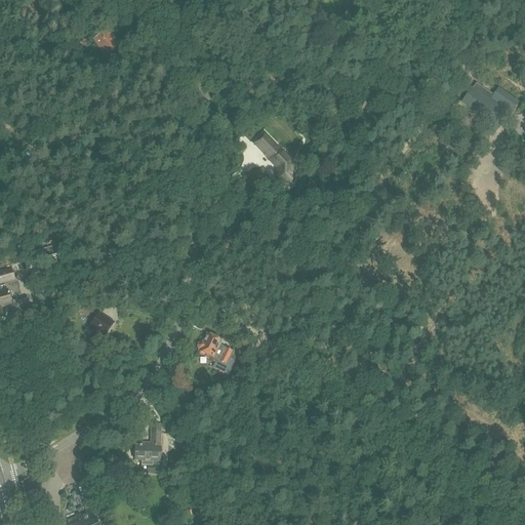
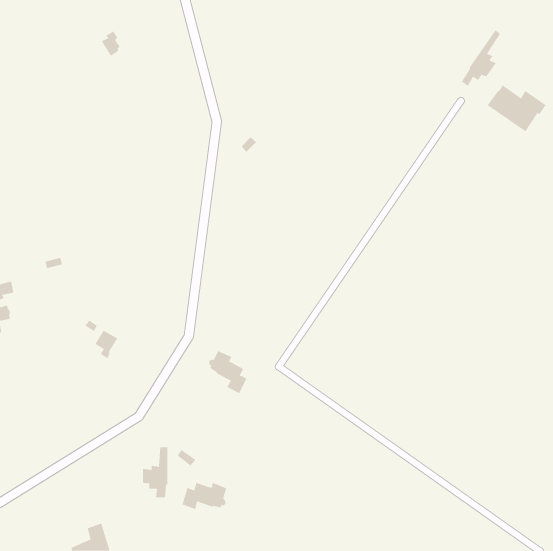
building: none -> [461,30,501,87]
building: [253,131,292,178] -> none
building: none -> [182,482,227,510]

